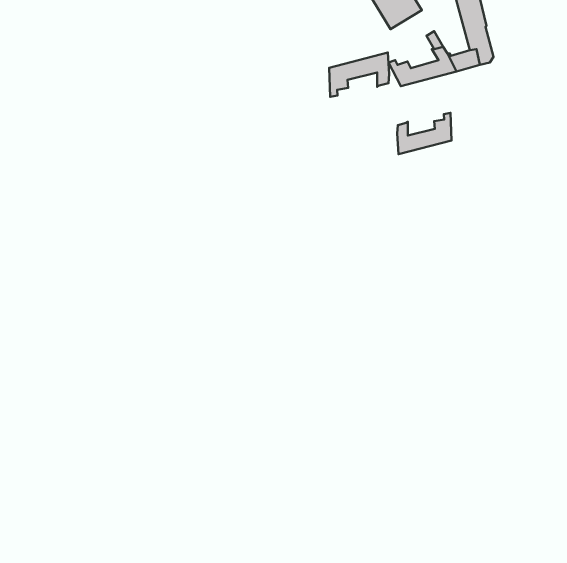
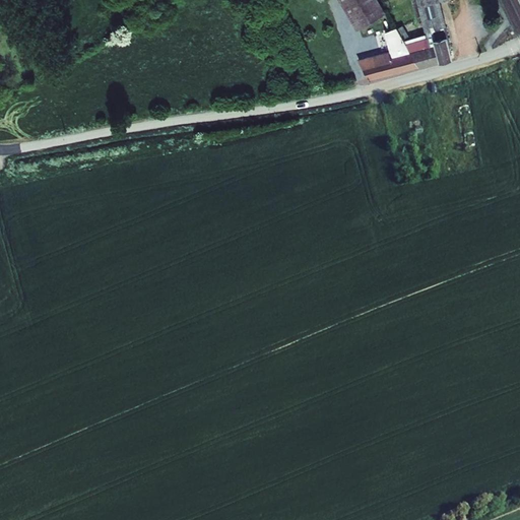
building: [329,53,389,97] -> none
building: [397,113,452,154] -> none

